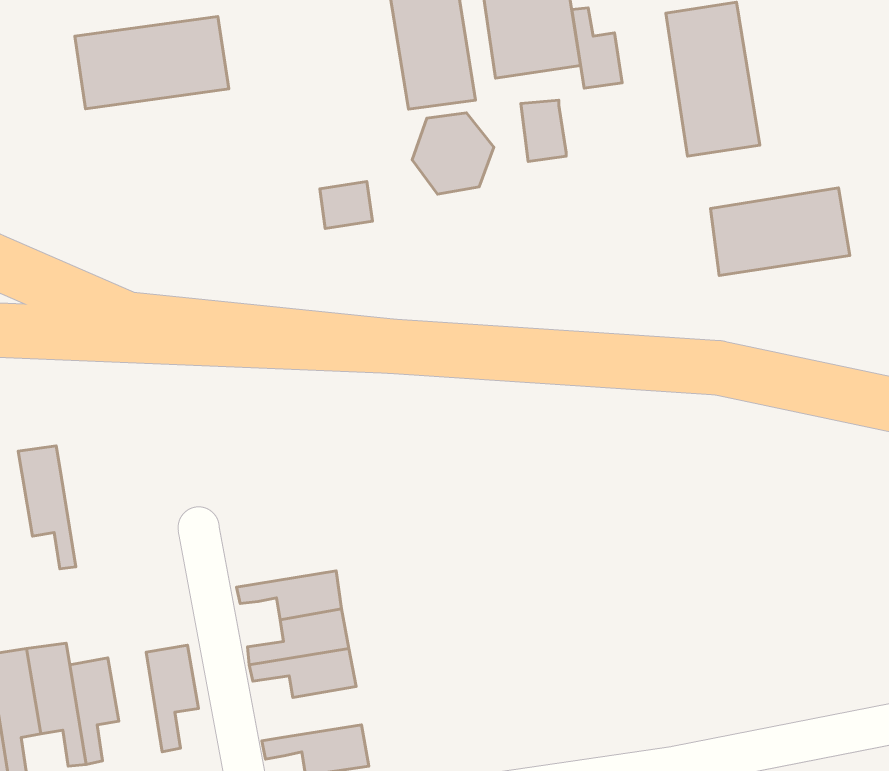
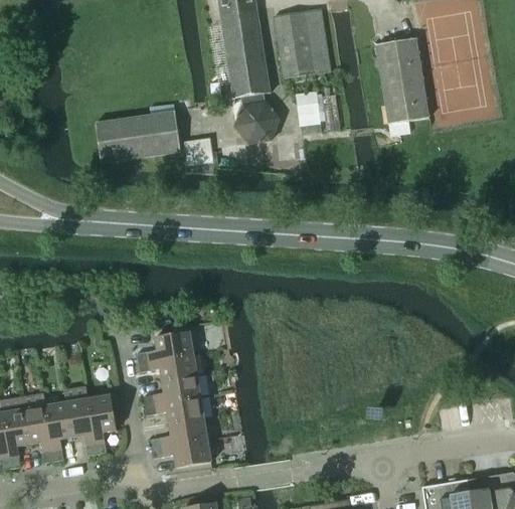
building: [572,8,622,88] -> none
building: [75,16,229,109] -> [96,111,181,162]
building: [711,188,850,275] -> none
building: [18,446,76,569] -> [64,386,97,455]
building: none -> [137,331,193,362]
building: none -> [151,417,207,448]

